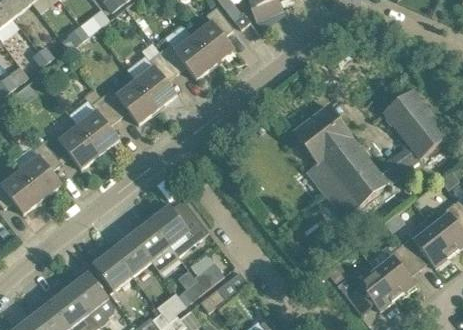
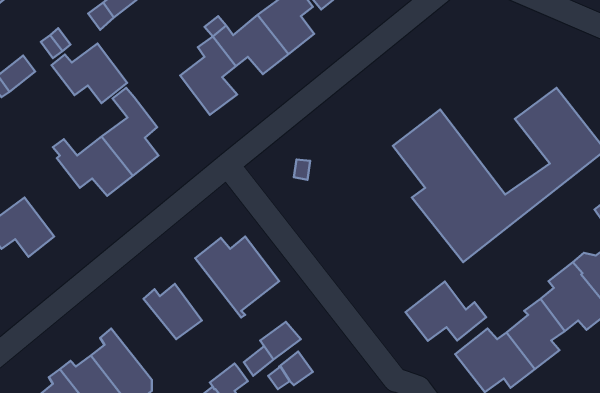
building: [101,80,157,124] -> [51,44,127,103]
building: [20,141,62,199] -> none
building: [131,215,180,272] -> none
building: none -> [405,282,486,341]
building: [92,245,132,290] -> none

